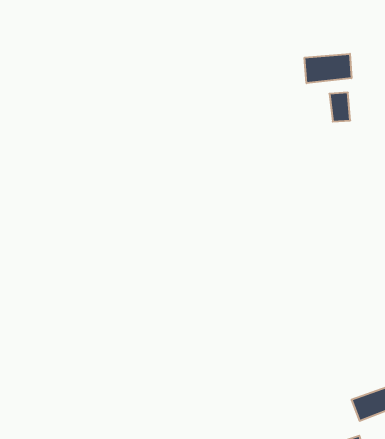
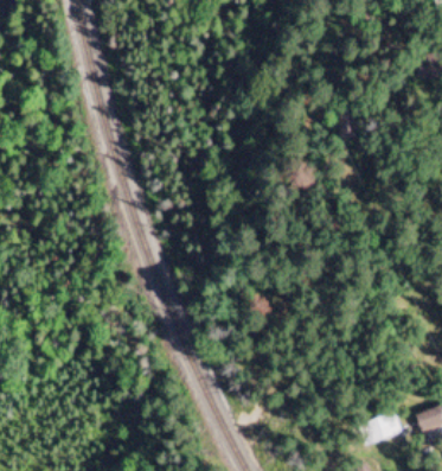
building: [305,54,351,83] -> none

